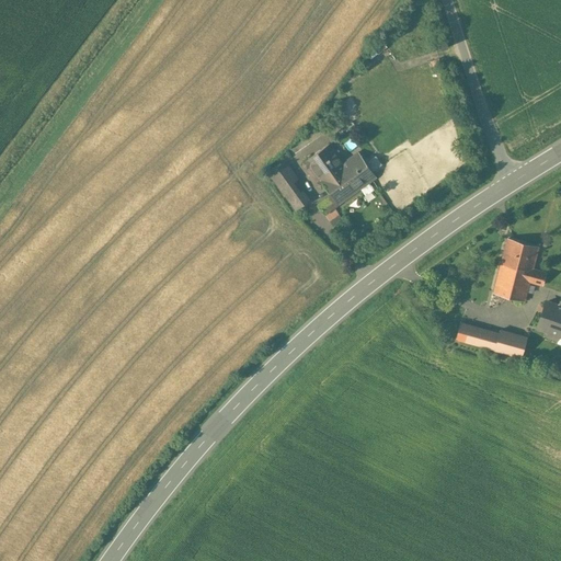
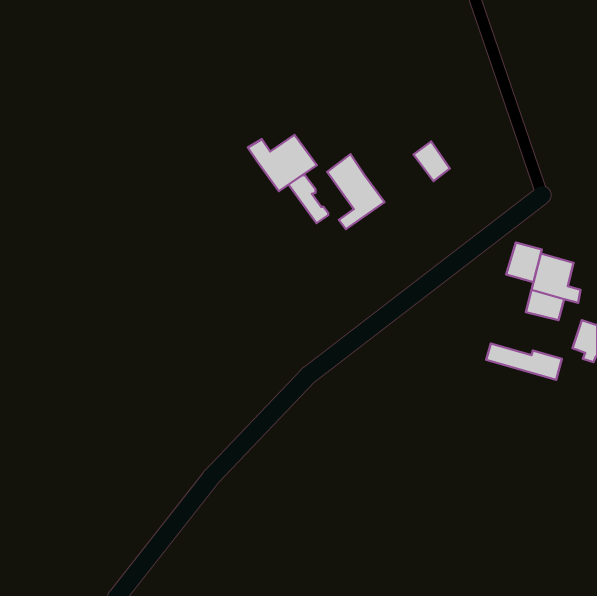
building: none -> [248,135,317,191]
building: [342,153,376,191] -> [414,142,450,181]
building: none -> [506,242,542,282]

